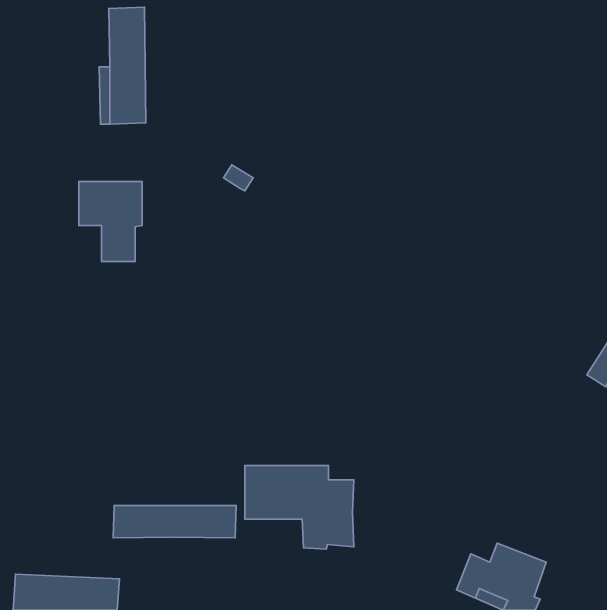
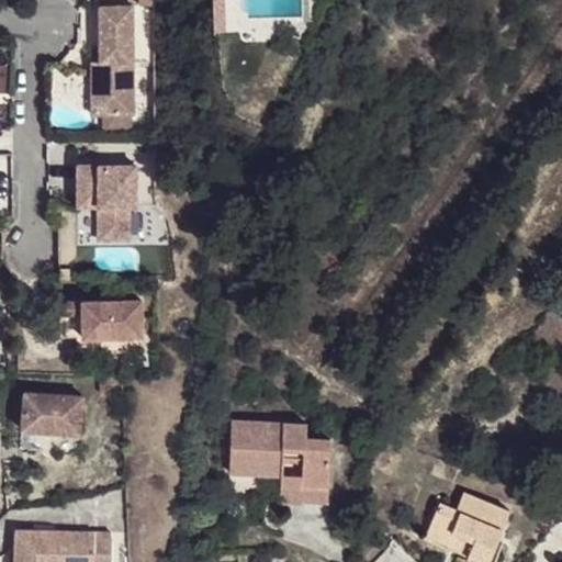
building: none -> [81,296,140,333]
building: none -> [25,390,86,432]
building: [113,506,236,538] -> none

